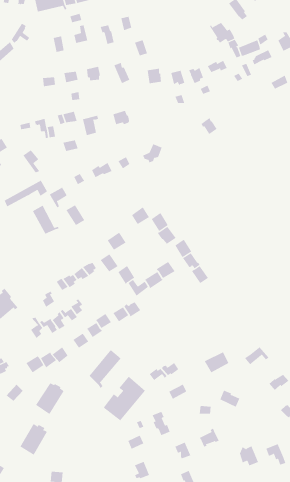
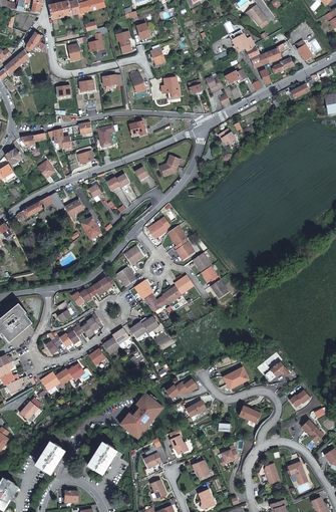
building: [32,205,59,234] -> none
building: [89,349,122,389] -> none
building: [35,382,64,415] -> [87,442,117,475]

